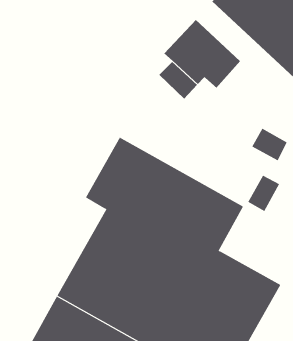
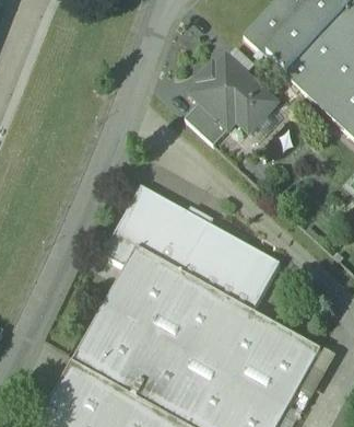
building: [252,128,288,161] -> none
building: [247,175,280,212] -> none

